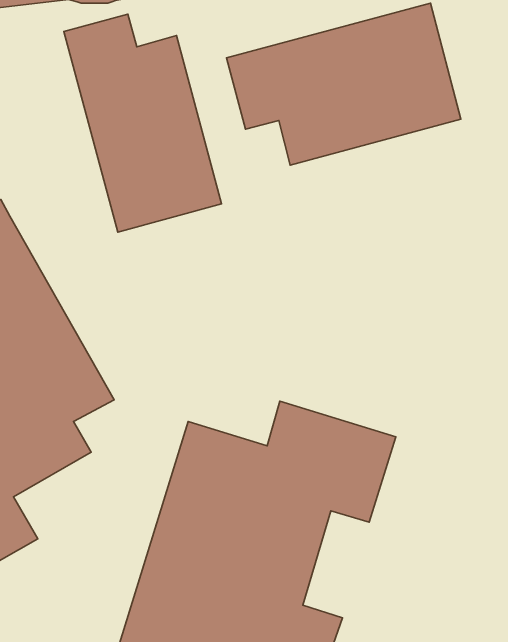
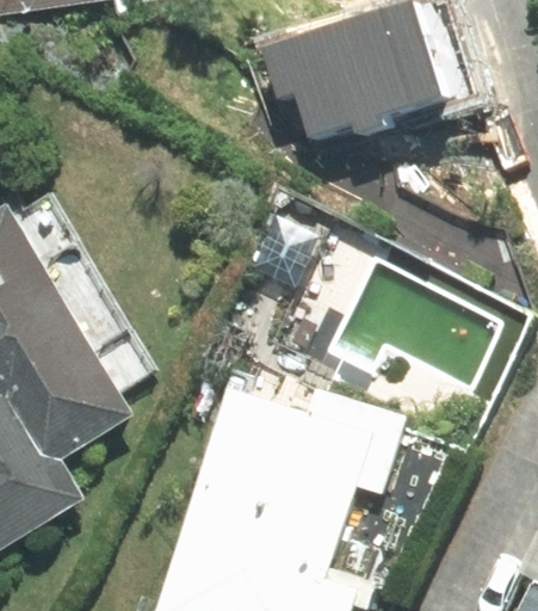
building: [64,14,222,232] -> none

